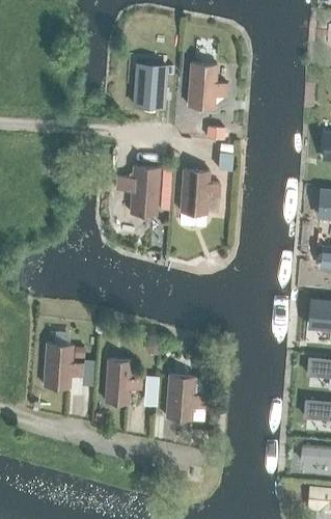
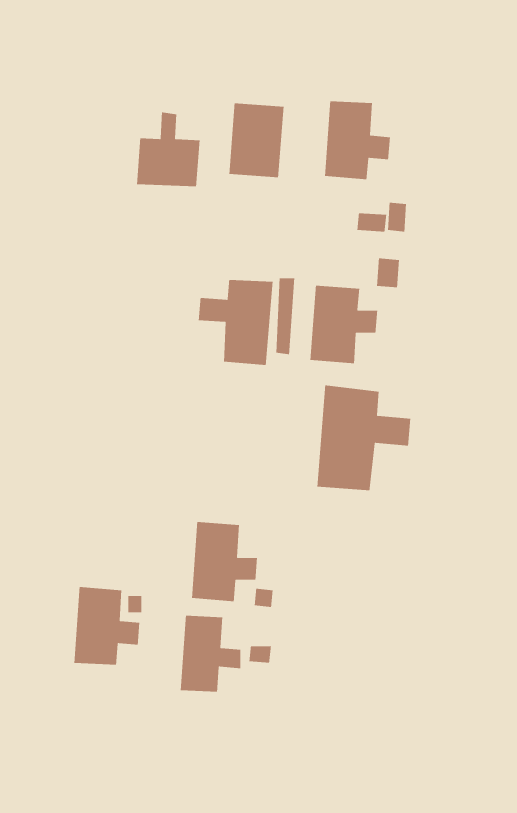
building: none -> [136,111,200,187]
building: none -> [317,384,411,491]
building: [166,374,204,420] -> [191,521,258,602]

